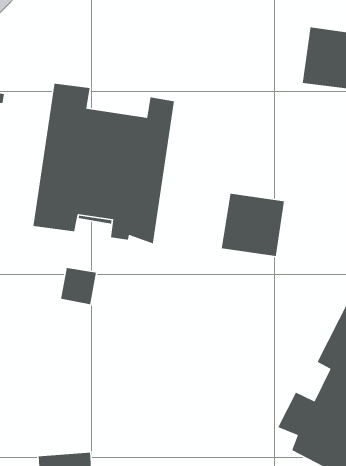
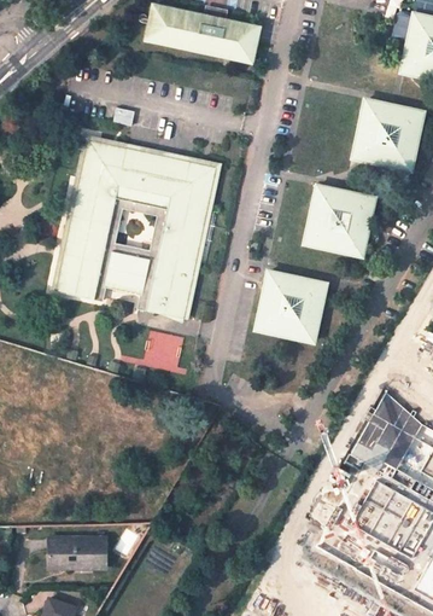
building: none -> [122,149,189,184]
building: none -> [304,184,375,255]
building: [60,267,97,305] -> [142,330,183,372]

